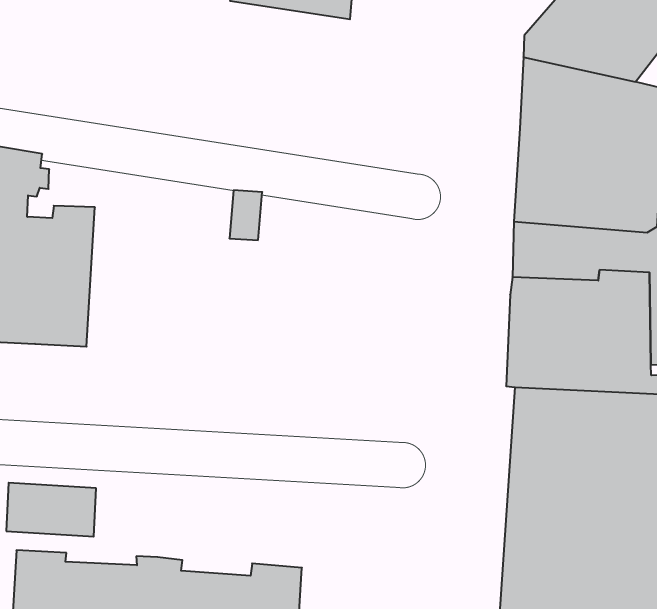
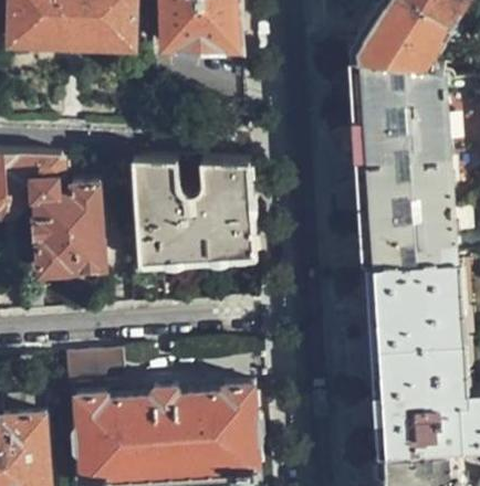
building: none -> [133,158,258,268]

